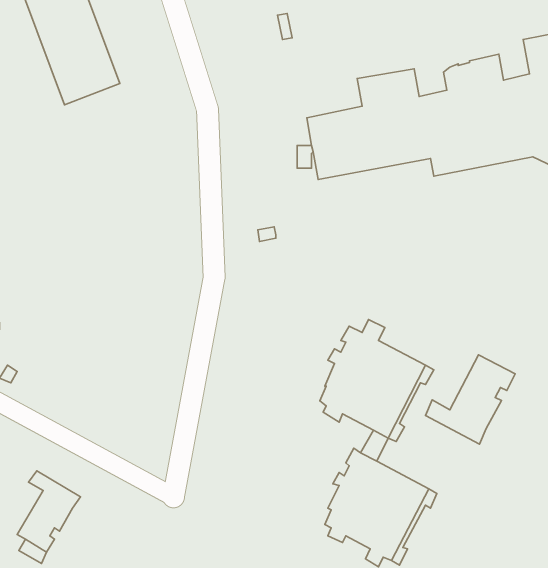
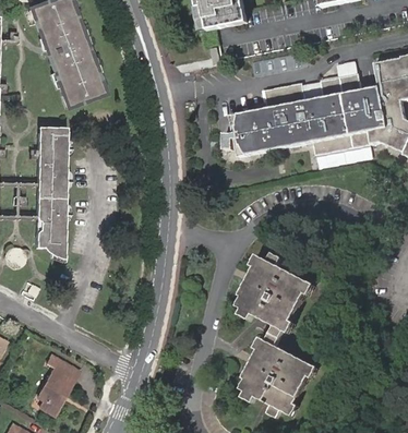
building: none -> [35,131,68,253]
building: [426,355,515,444] -> none

